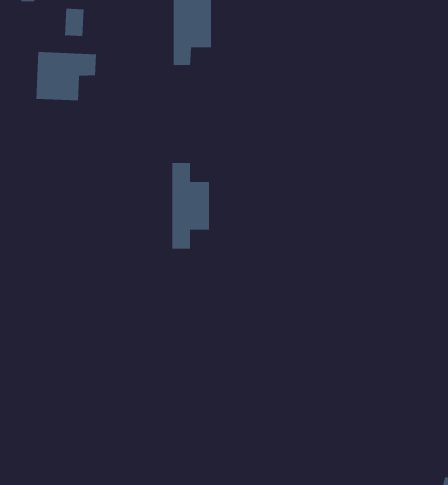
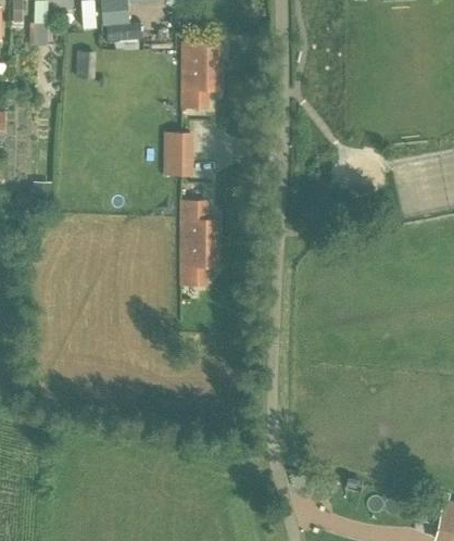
building: [35,51,97,101] -> none
building: none -> [166,134,190,178]

